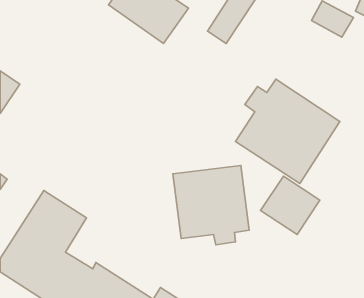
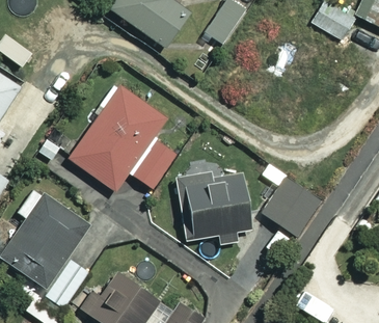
building: [236,79,340,184] -> none
building: none -> [65,82,180,190]

